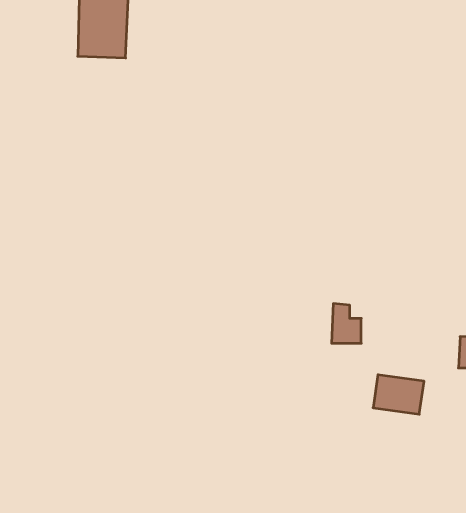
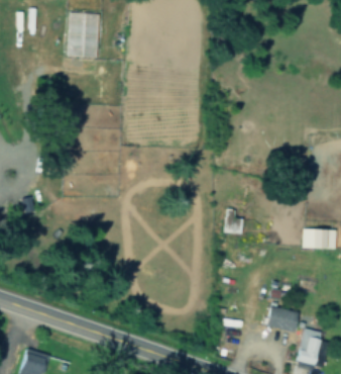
building: [373,375,424,414] -> [266,306,298,331]

